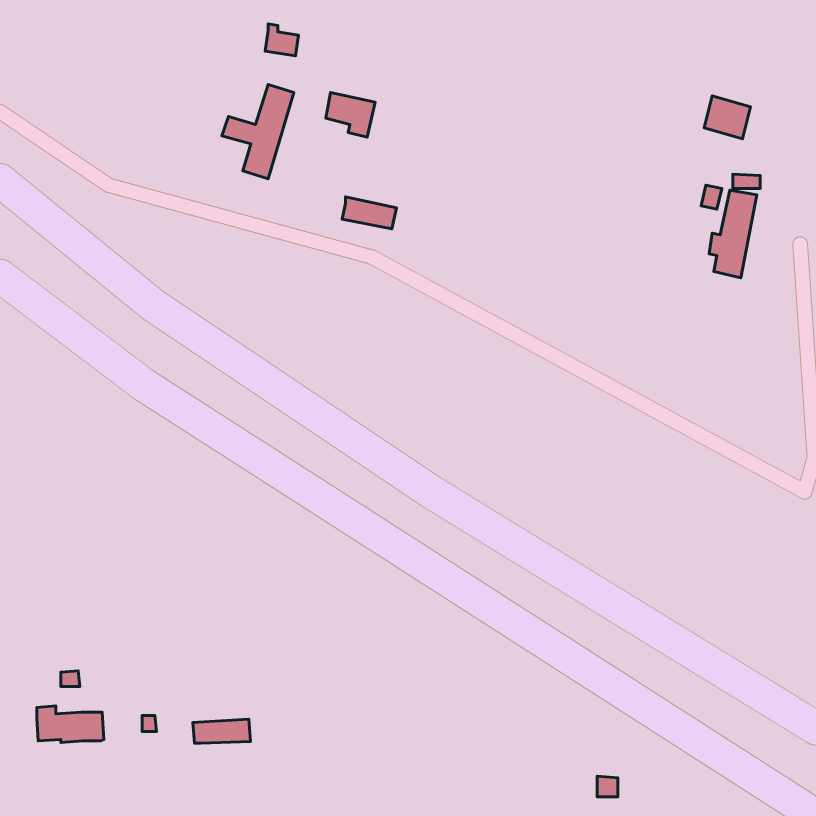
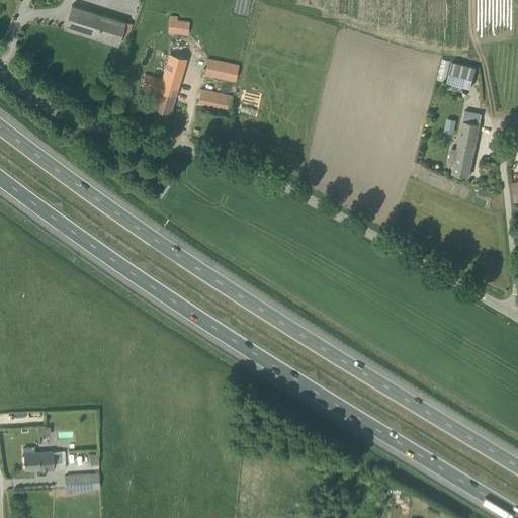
building: none -> [64,5,132,46]
building: [342,197,396,229] -> [198,89,233,109]
building: [193,719,250,743] -> [64,473,100,489]

